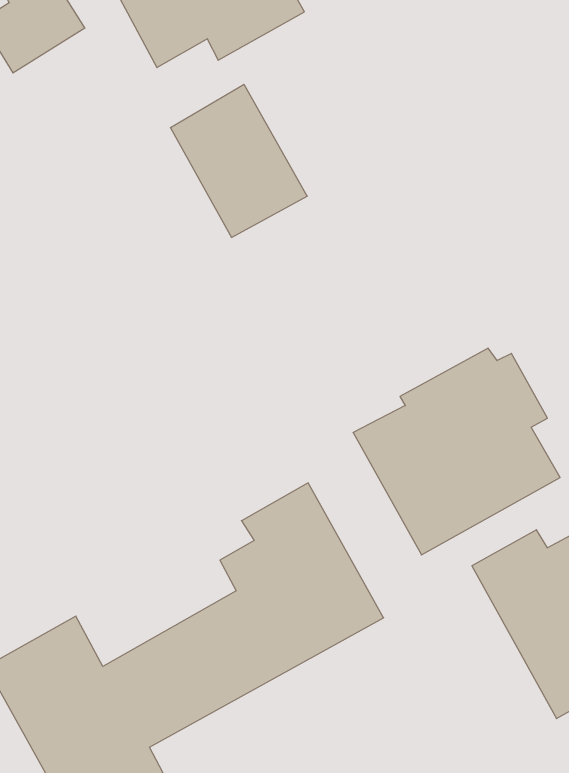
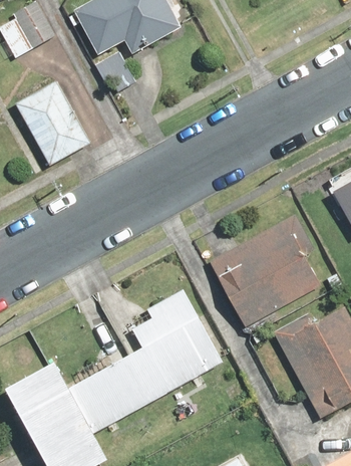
building: [170,85,307,237] -> [15,79,91,165]

